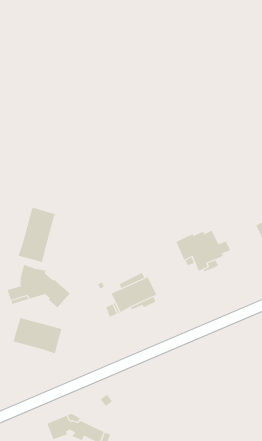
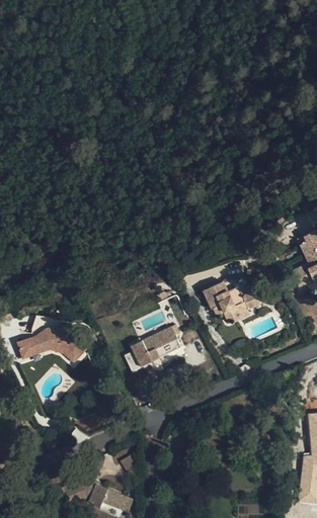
building: [18,207,56,263] -> none
building: [13,317,62,354] -> none

